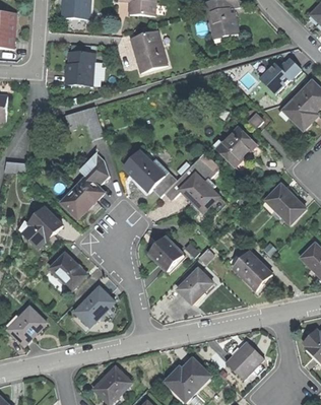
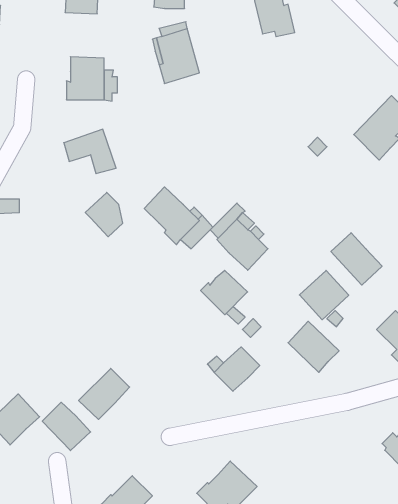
building: [262,49,308,94] -> none
building: [218,126,256,165] -> none
building: [58,173,103,218] -> none
building: [22,207,62,247] -> none
building: none -> [299,270,349,320]
building: [147,238,183,271] -> [201,270,248,315]
building: [50,253,86,289] -> [42,402,91,451]
building: [224,341,262,379] -> none

